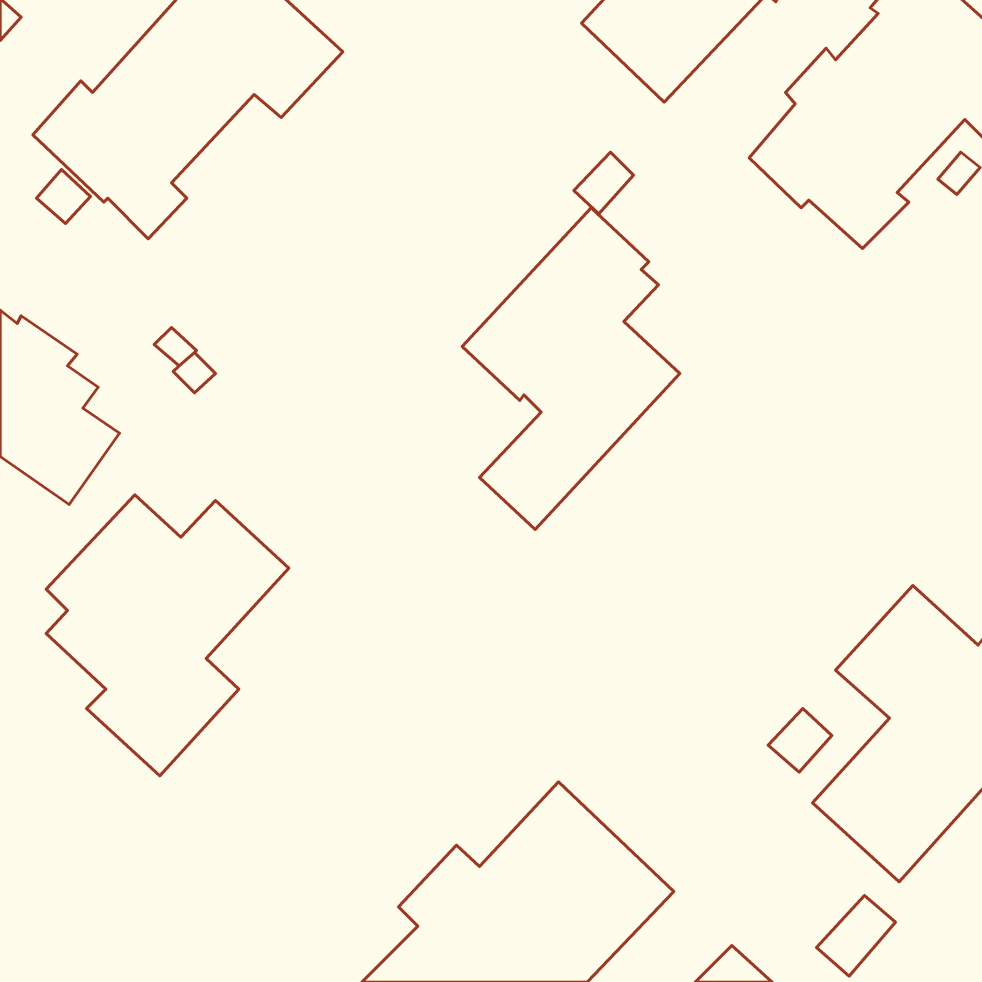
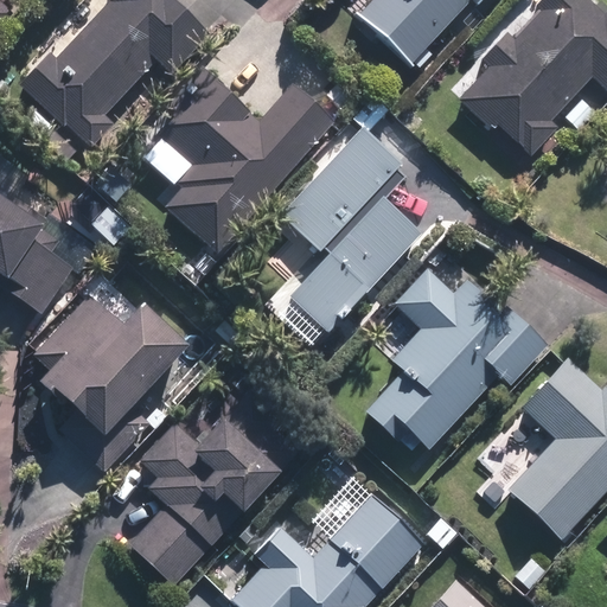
building: none -> [160,64,336,253]
building: none -> [366,266,551,447]
building: none -> [123,421,283,589]

